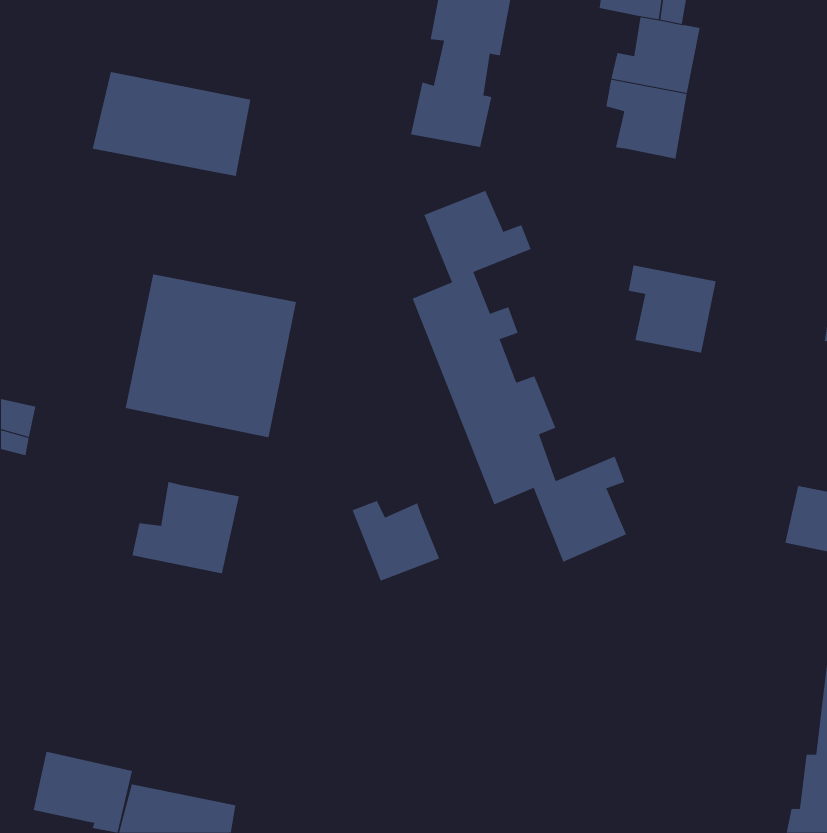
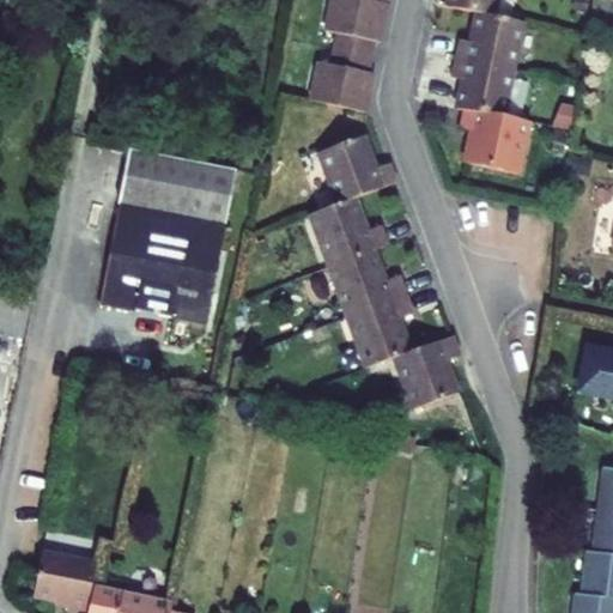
building: [92,72,251,177] -> [120,144,236,220]
building: [628,265,717,353] -> [462,109,527,174]
building: [132,481,239,574] -> none
building: [352,500,440,581] -> none

